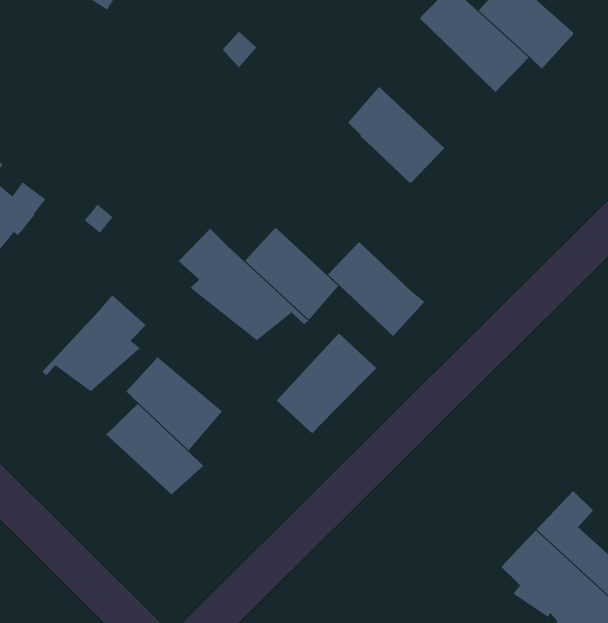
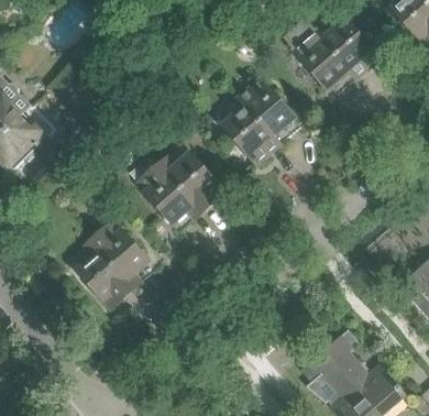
building: [327,241,425,337] -> [223,108,279,166]
building: [41,295,147,392] -> none
building: [276,332,377,434] -> none

